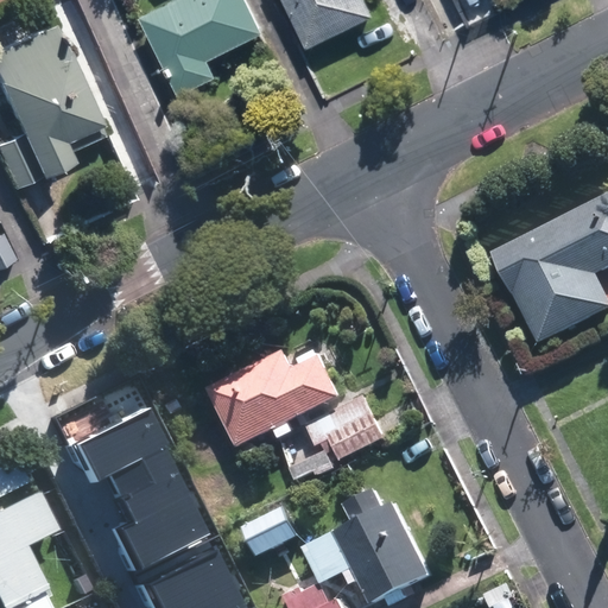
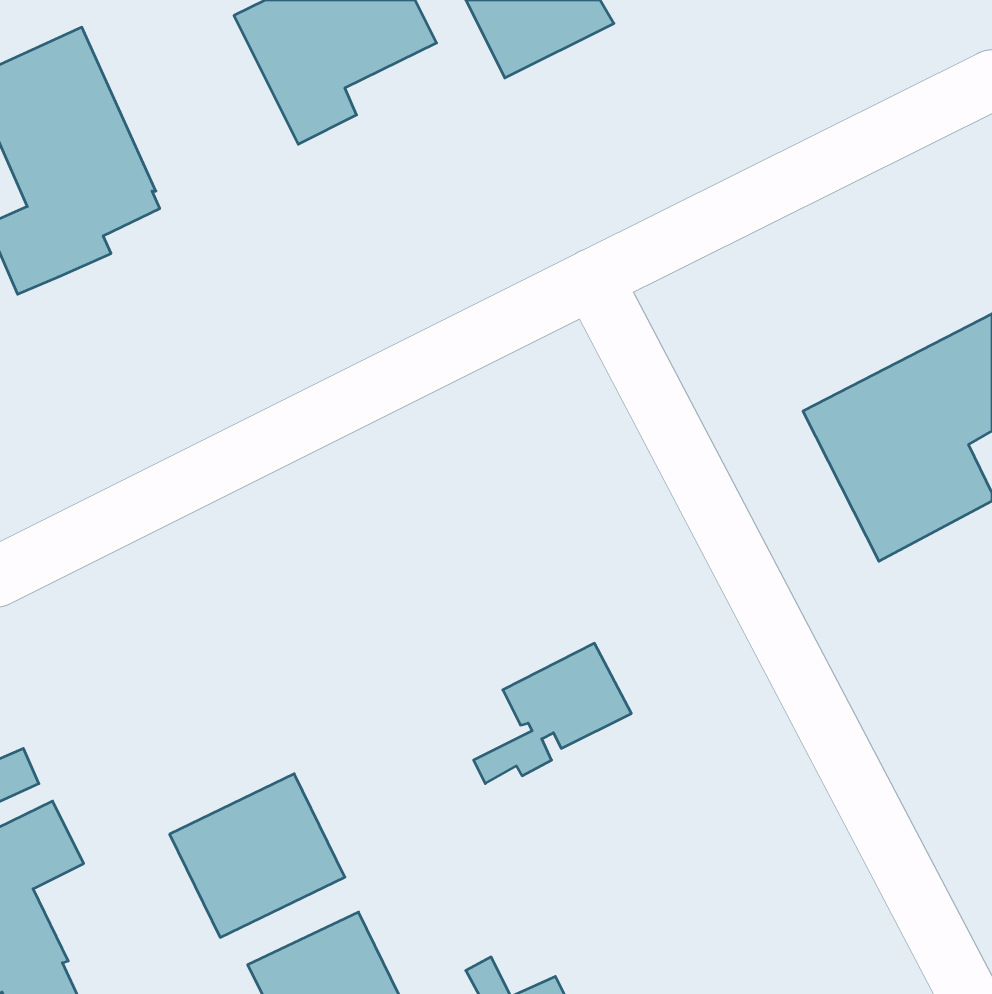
building: [209,347,343,444] -> none
building: [74,411,179,509] -> none
building: [305,488,431,601] -> none

